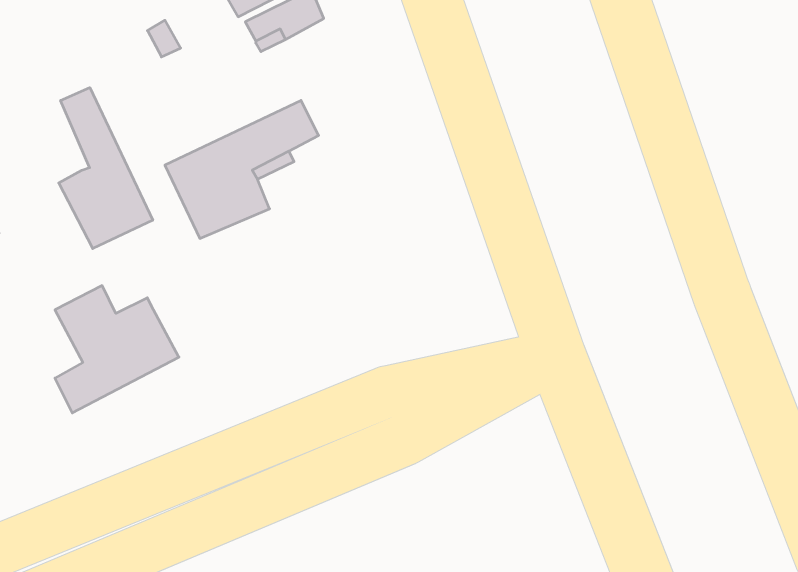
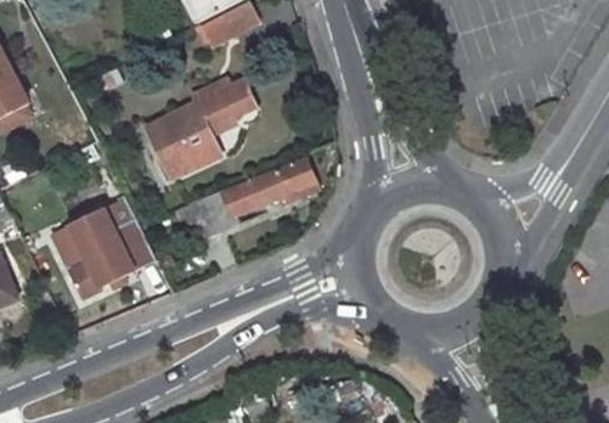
building: [59,88,153,249] -> none
building: none -> [190,152,325,237]

